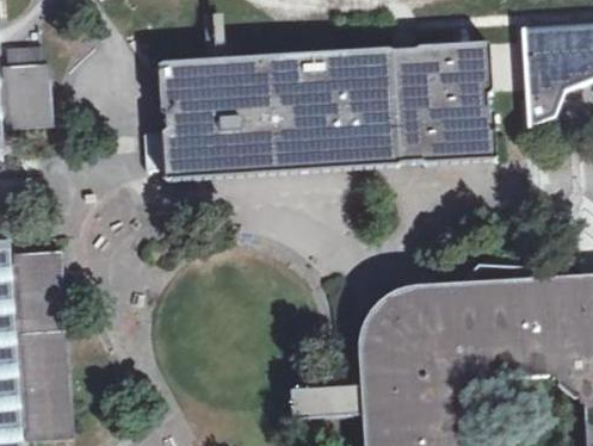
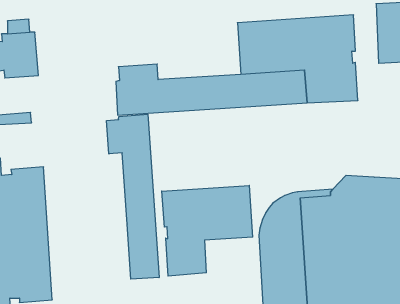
building: [156,51,334,130] -> none
building: none -> [107,114,159,279]
building: none -> [162,185,253,276]

